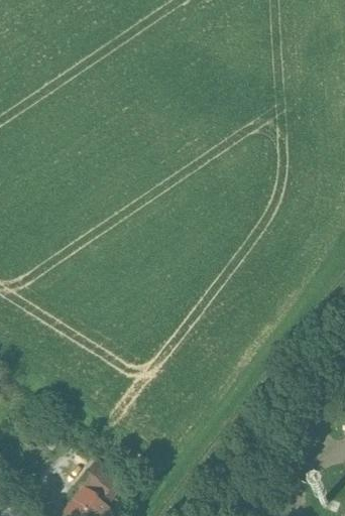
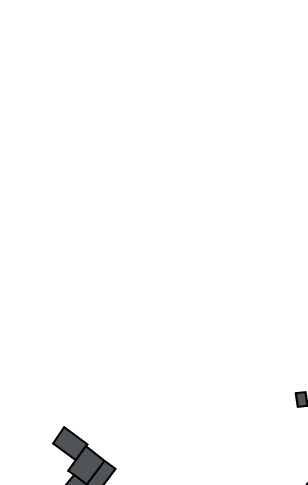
building: none -> [53,427,87,460]

